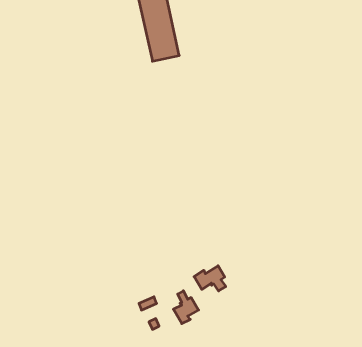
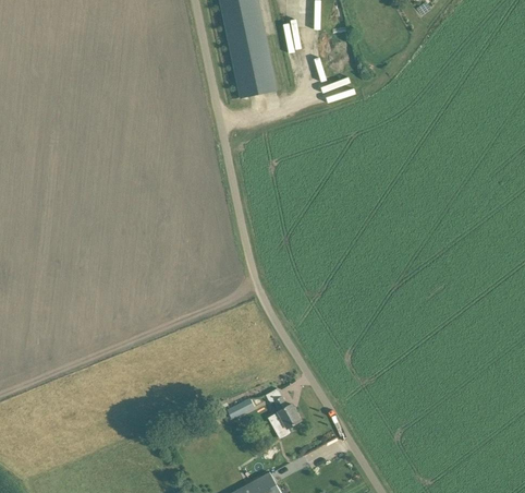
building: [194,266,226,291] -> none

